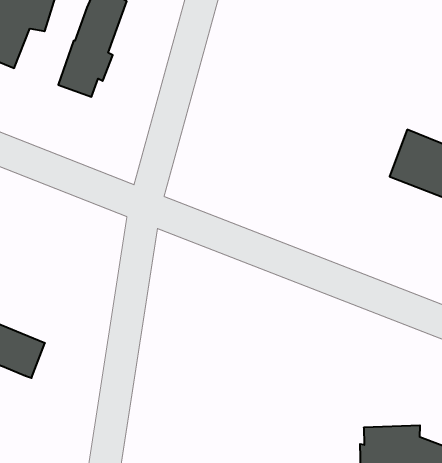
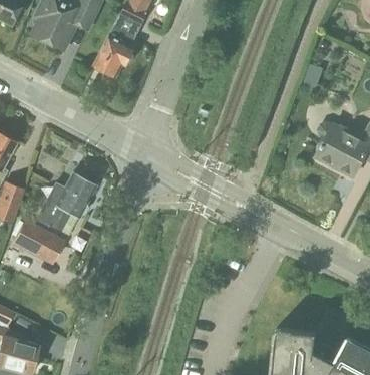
building: none -> [45,172,95,232]

